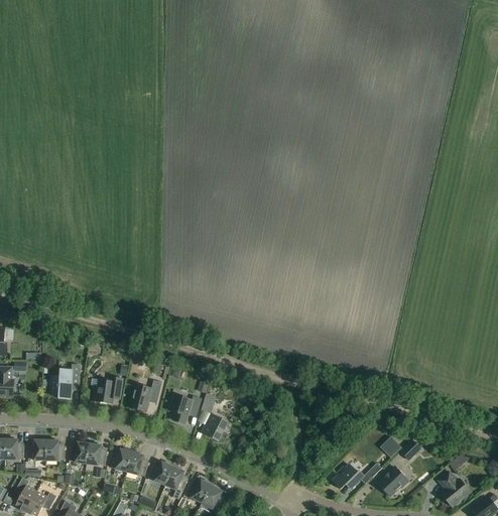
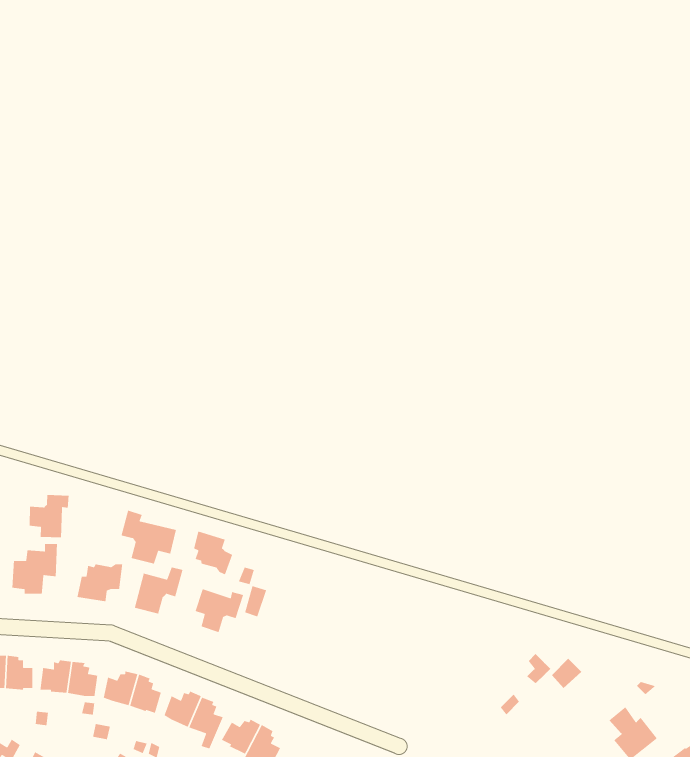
building: none -> [29,494,70,538]
building: none -> [120,510,177,564]
building: none -> [193,530,233,576]
building: [202,413,228,438] -> none
building: [333,464,364,489] -> none
building: [378,467,409,496] -> none

